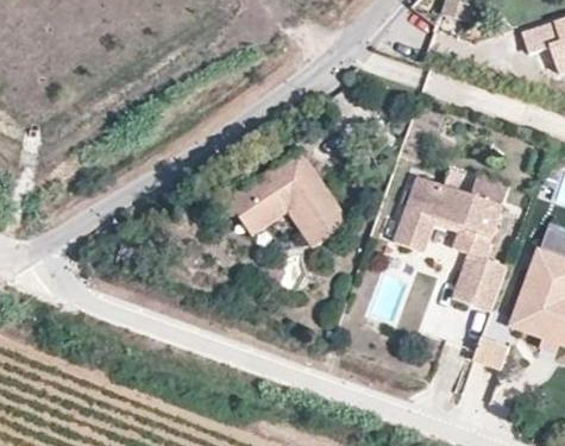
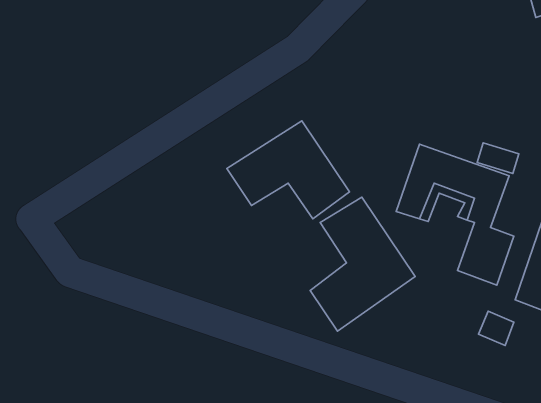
building: none -> [310,197,415,331]

